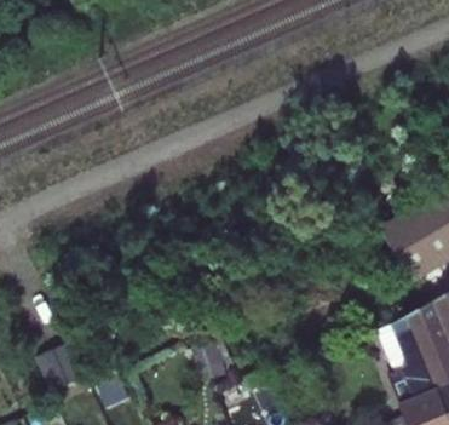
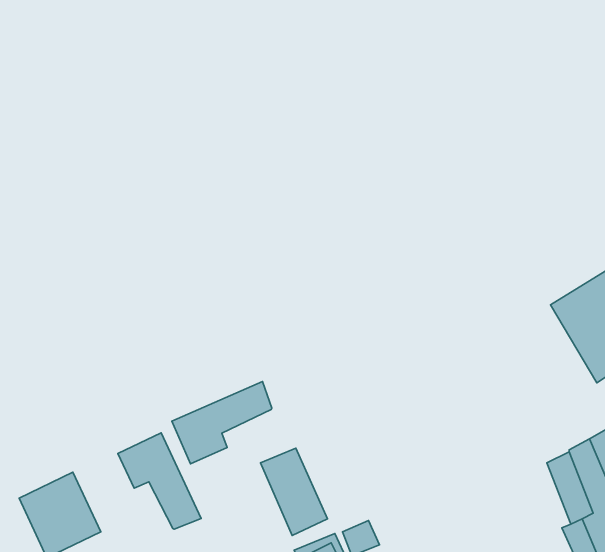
building: none -> [172,382,272,464]
building: none -> [118,433,201,529]

